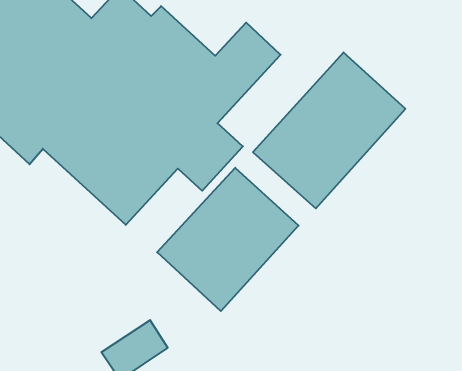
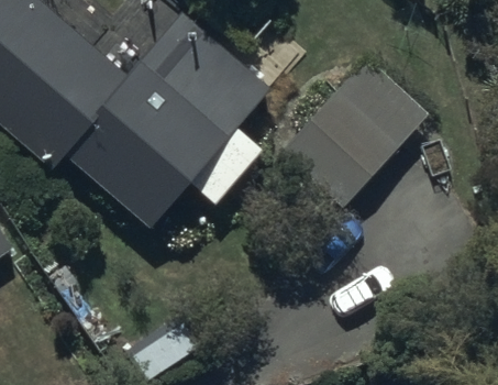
building: [157,168,299,311] -> none

